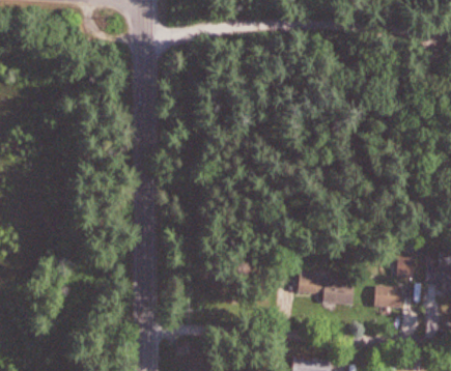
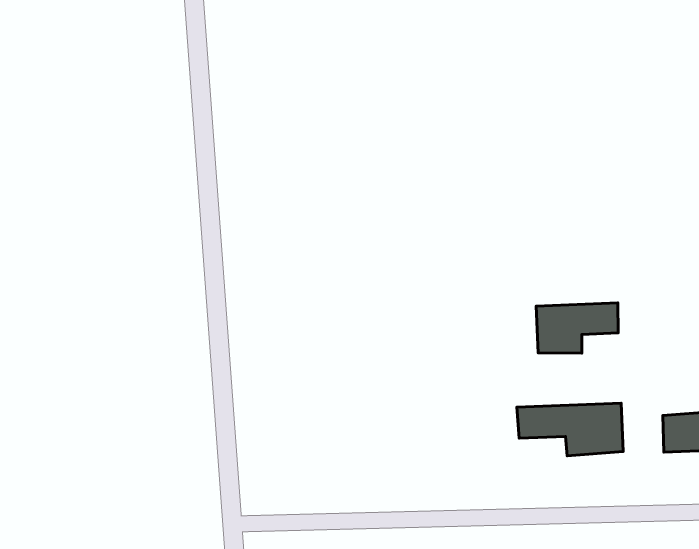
building: none -> [536,303,618,353]

